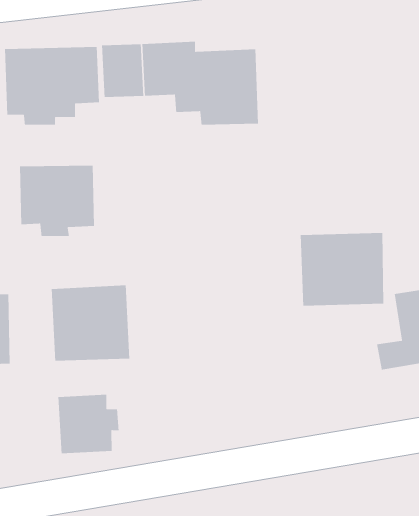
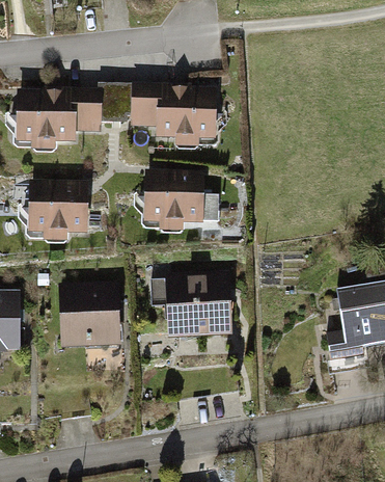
building: none -> [146,169,208,231]
building: [300,232,384,307] -> [163,275,232,337]
building: [58,394,120,454] -> none

